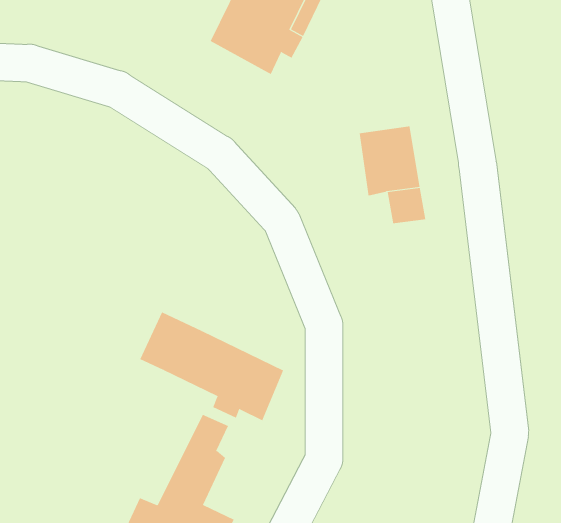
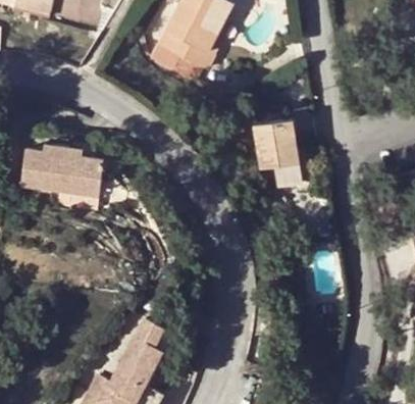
building: none -> [17,141,100,195]
building: [139,311,284,421] -> none

